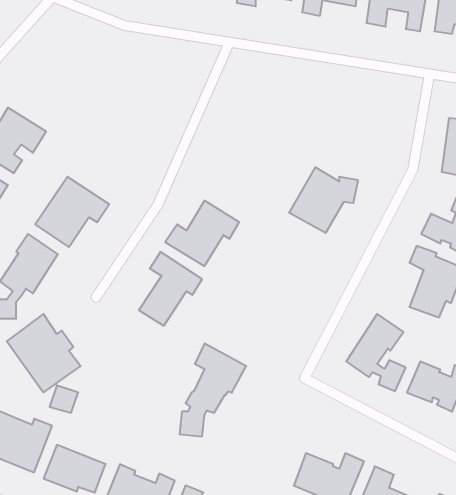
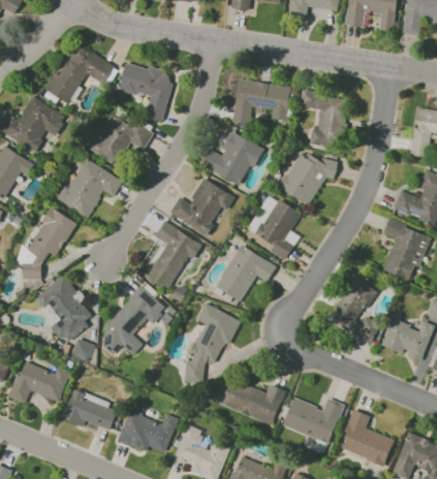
building: none -> [44,42,115,104]
building: none -> [121,63,175,122]
building: none -> [233,79,289,130]
building: none -> [302,89,343,147]
building: none -> [88,111,154,164]
building: none -> [201,131,264,187]
building: none -> [256,199,302,258]
building: none -> [215,245,276,300]
building: none -> [99,286,167,356]
building: none -> [215,377,285,424]

